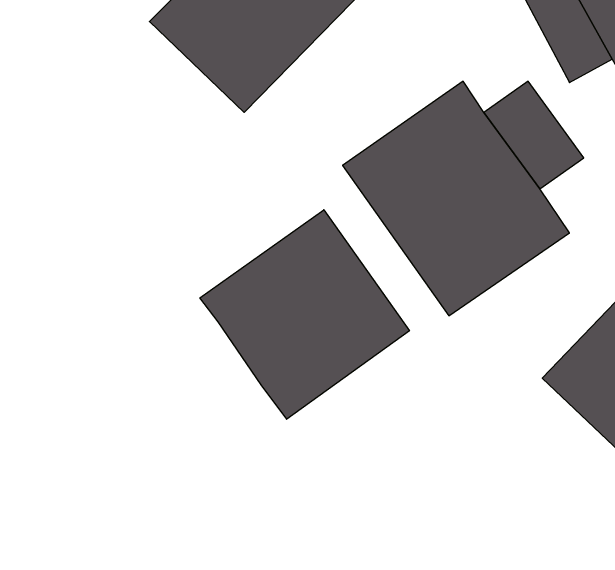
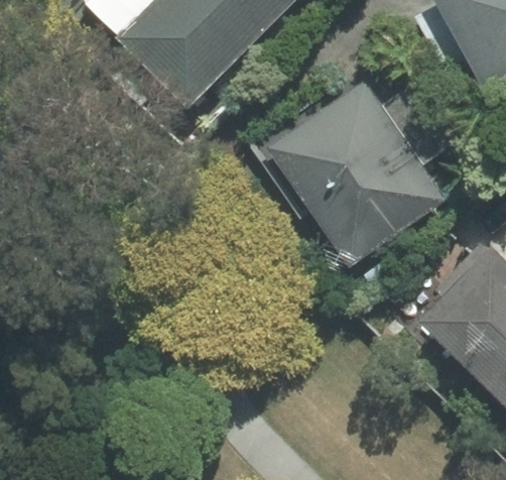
building: [200,210,409,419] -> none

